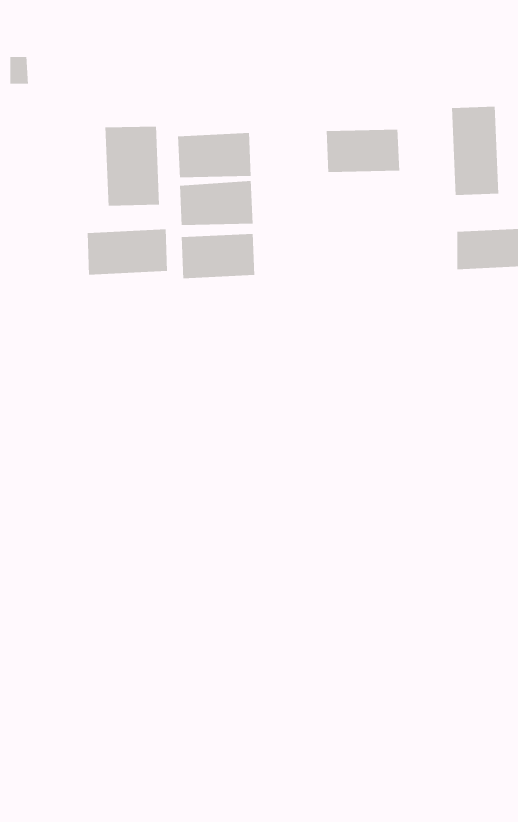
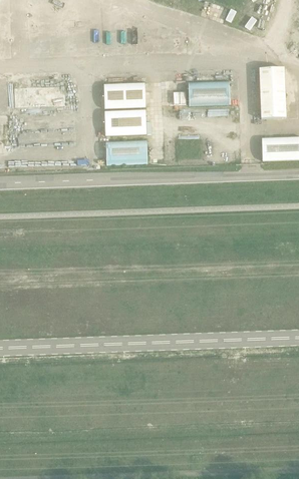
building: [105,126,160,206] -> none
building: [87,229,168,275] -> none

